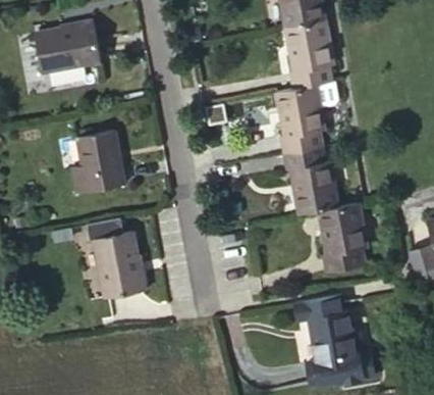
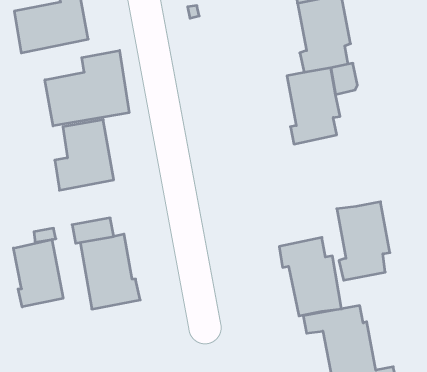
building: none -> [45,50,129,126]
building: [282,145,337,214] -> [279,237,342,316]
building: none -> [13,239,63,307]

